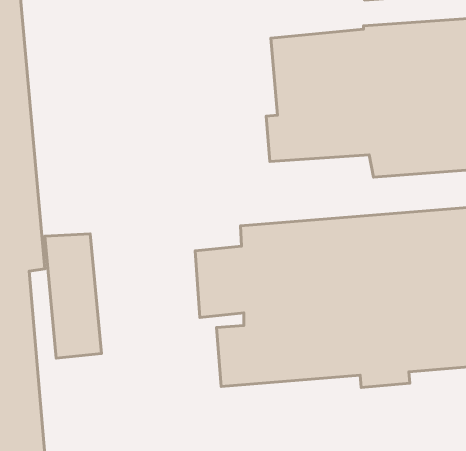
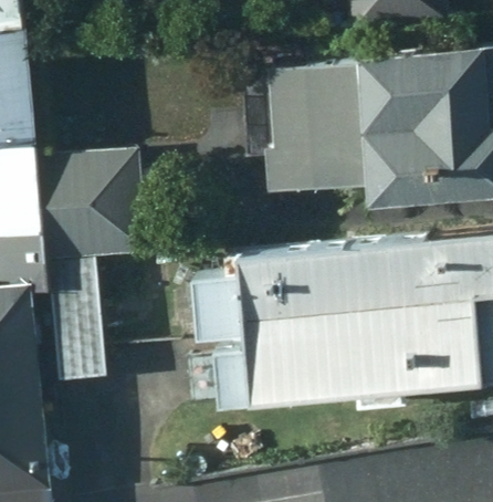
building: none -> [42,150,140,257]

